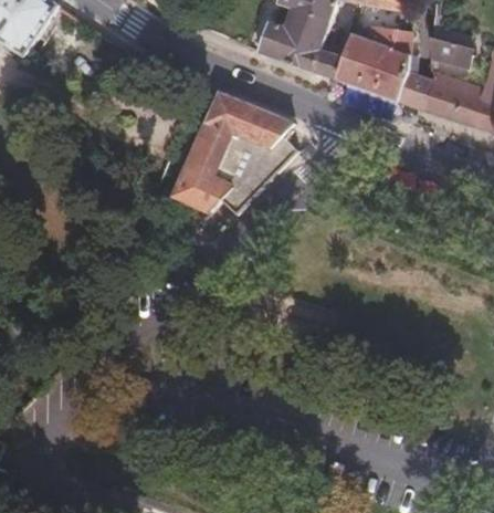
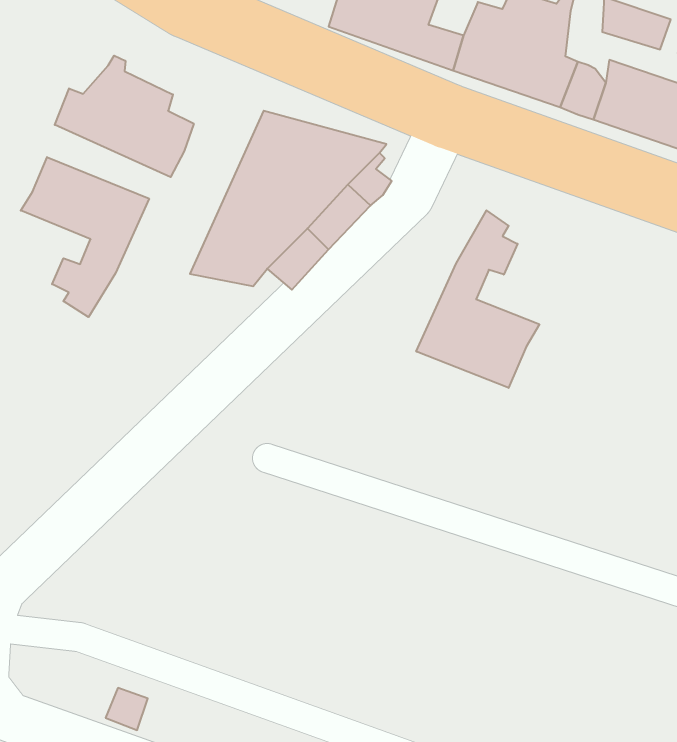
building: none -> [55,56,194,177]
building: none -> [21,157,149,317]
building: none -> [416,210,539,388]

